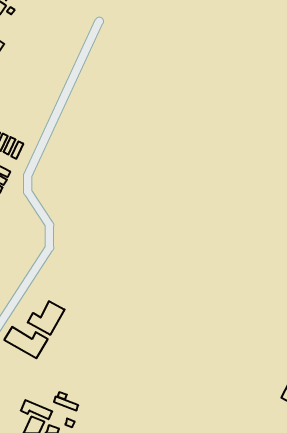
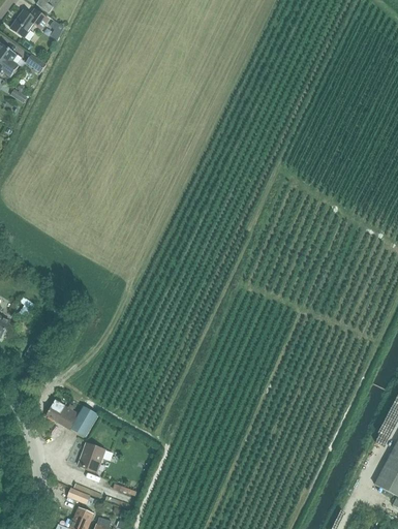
building: [28,301,65,335] -> none
building: none -> [78,442,104,471]

